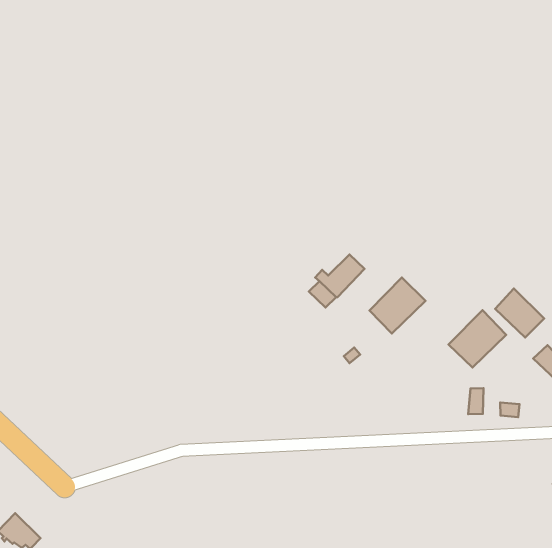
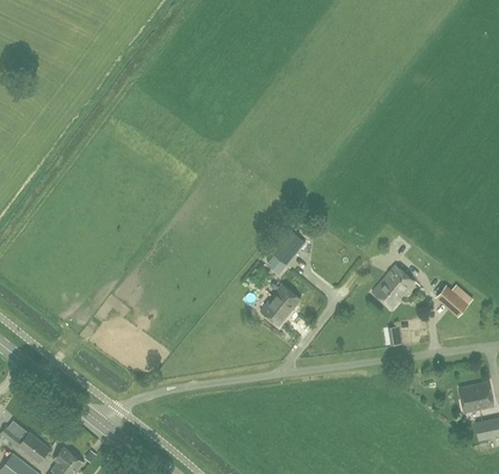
building: [370,278,426,333] -> [260,284,301,326]
building: [495,289,544,337] -> none

